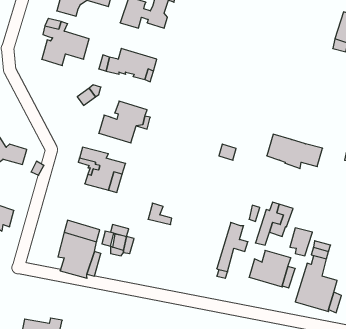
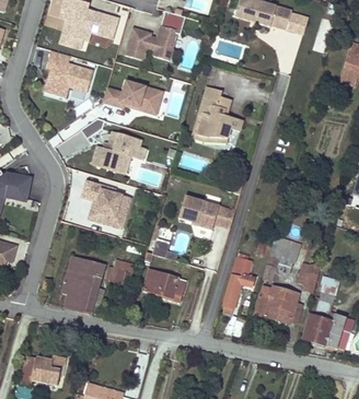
building: none -> [193,85,243,138]
building: [267,134,323,169] -> [178,195,235,230]
building: none -> [143,269,186,302]

